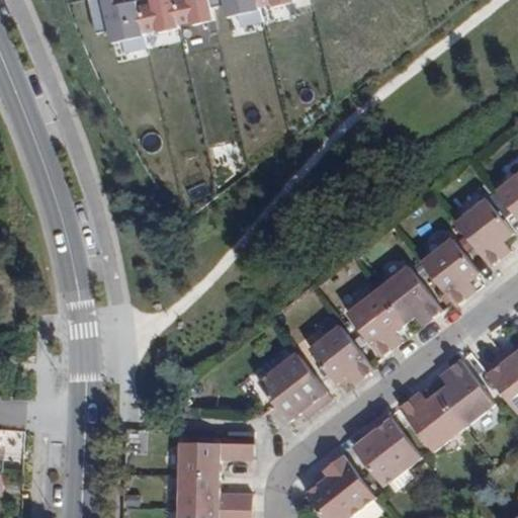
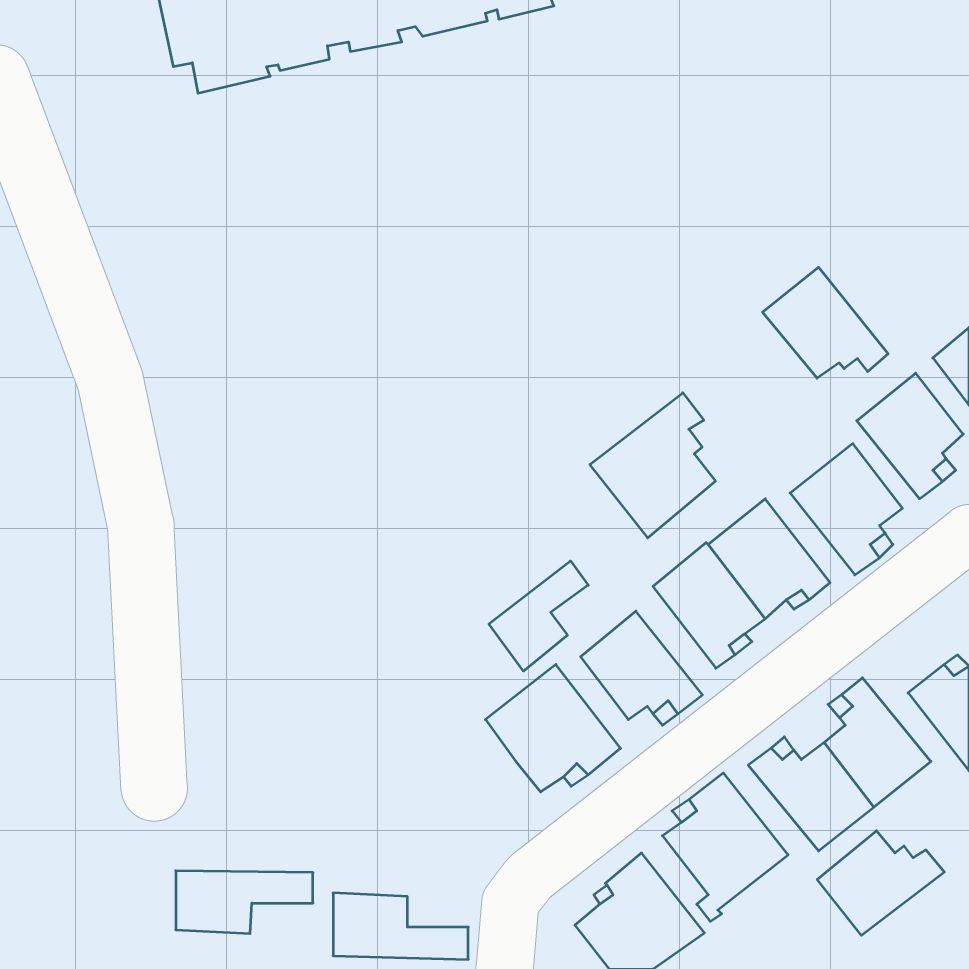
building: none -> [763,267,888,378]
building: none -> [590,393,715,538]
building: none -> [489,561,588,671]
building: none -> [817,831,944,935]
building: [177,443,250,477] -> [176,871,313,934]

